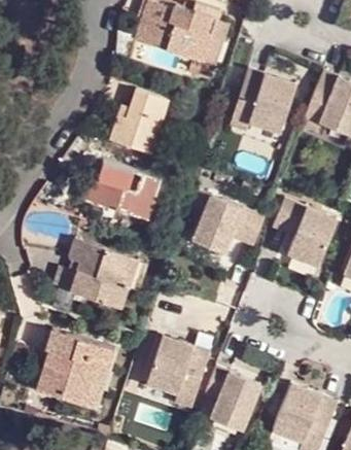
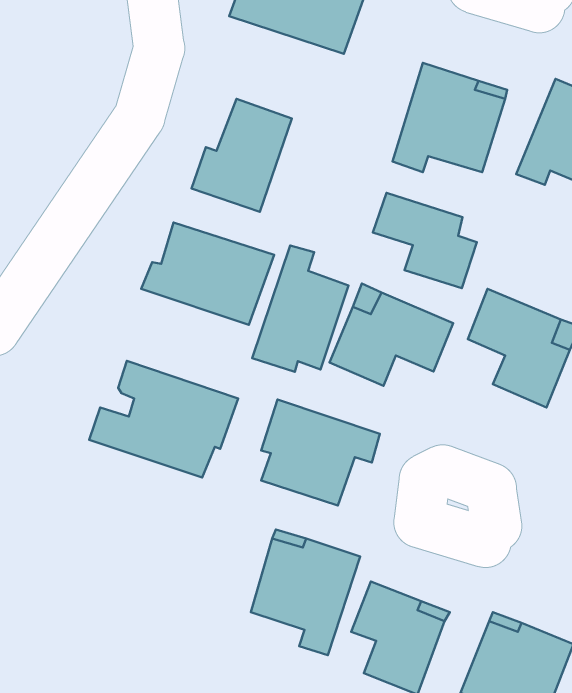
building: none -> [373,193,477,288]
building: none -> [252,245,349,372]
building: none -> [261,400,380,506]
building: [39,326,119,408] -> none

